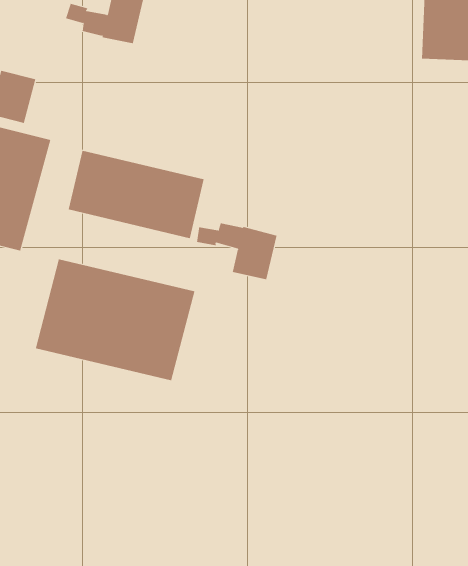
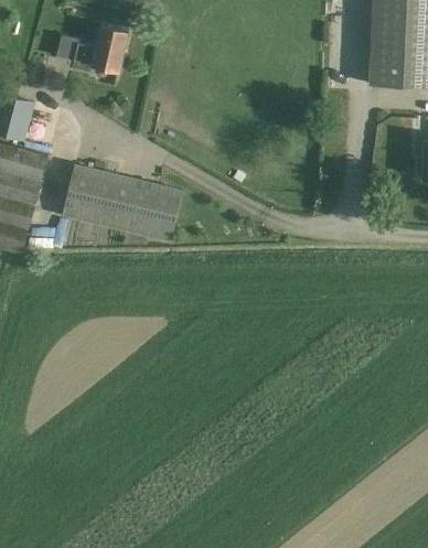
building: [197,222,277,280] -> none
building: [35,259,195,381] -> none

